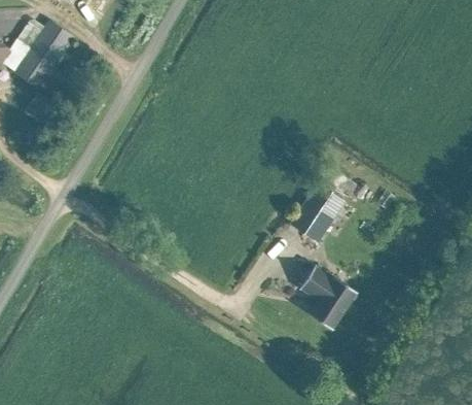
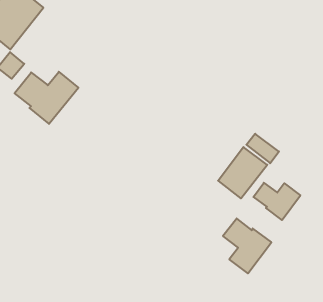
building: none -> [15,72,78,124]
building: none -> [253,183,300,220]

